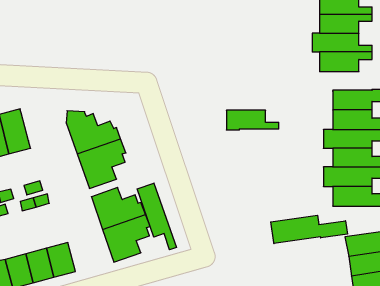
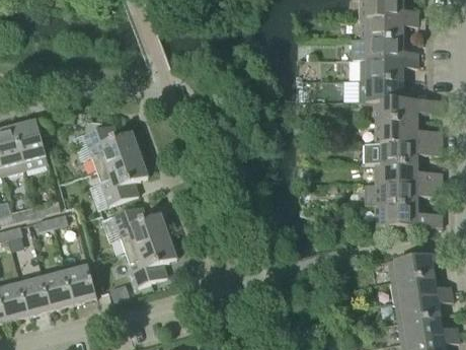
building: [226,110,279,130] -> [361,80,417,101]
building: [137,183,176,250] -> none
building: [271,215,347,244] -> none

